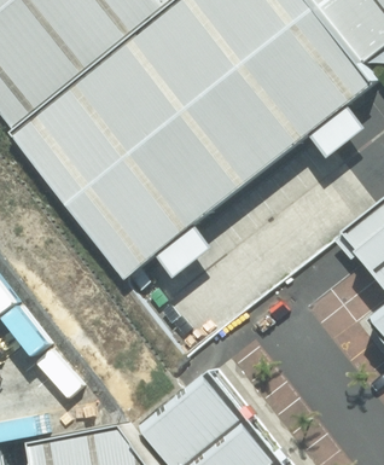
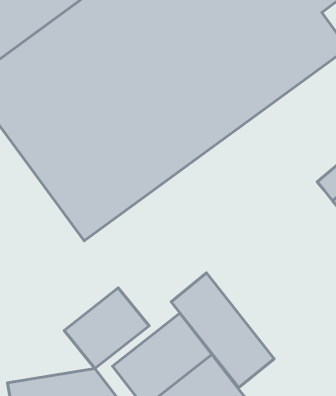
building: none -> [171,273,274,388]
building: none -> [64,288,149,369]

